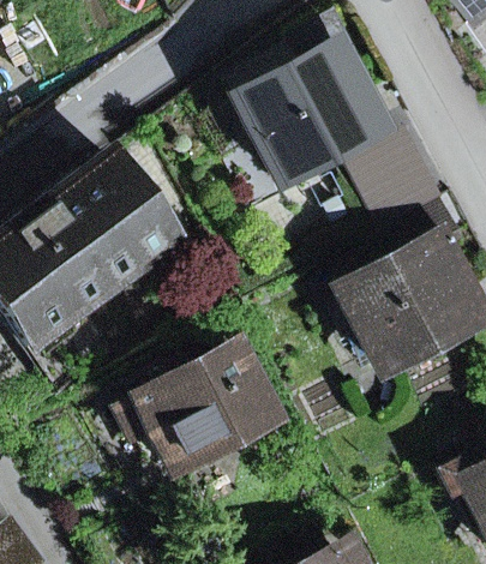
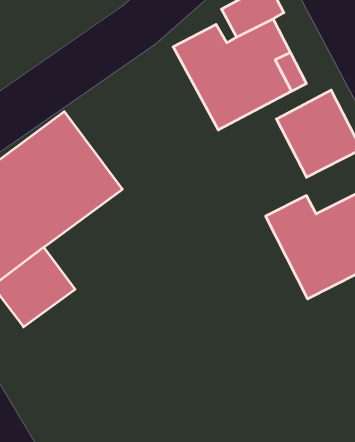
building: [126,355,275,470] -> none

